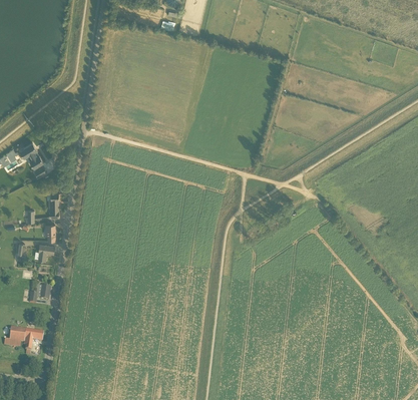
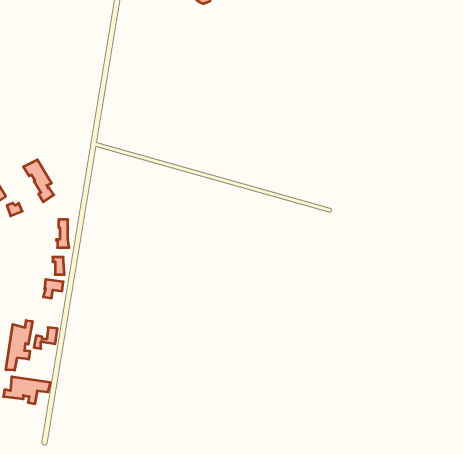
building: none -> [6,320,32,370]

